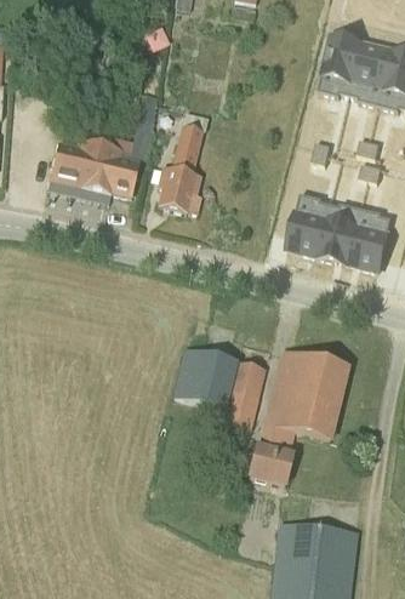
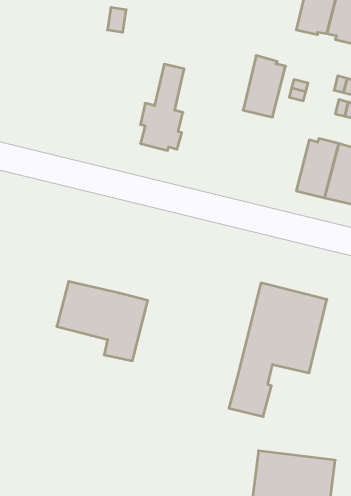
building: [50,93,158,199] -> none
building: [287,193,331,256] -> [243,56,286,117]
building: [172,350,266,432] -> [57,281,148,361]

